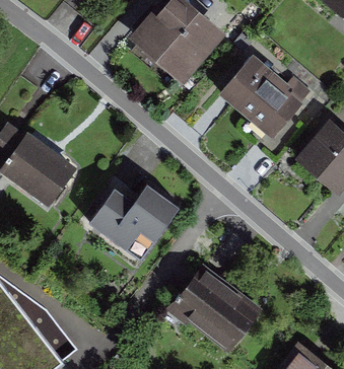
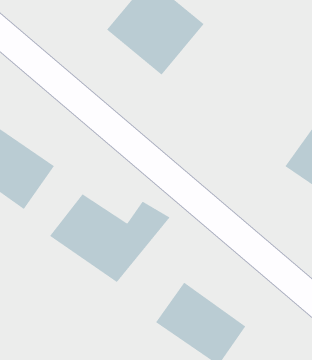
building: [224,49,308,132] -> none

